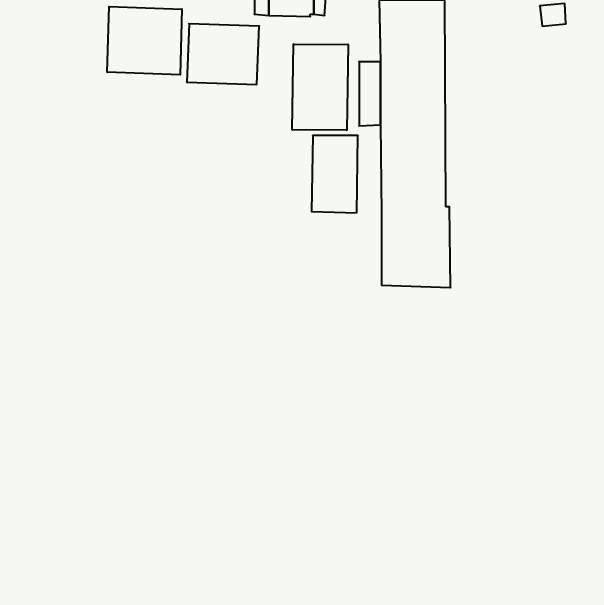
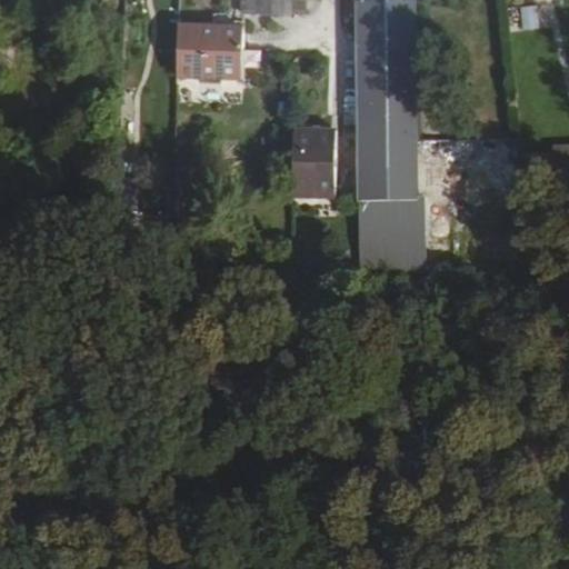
building: [107,7,182,75] -> none
building: [292,44,348,130] -> none

